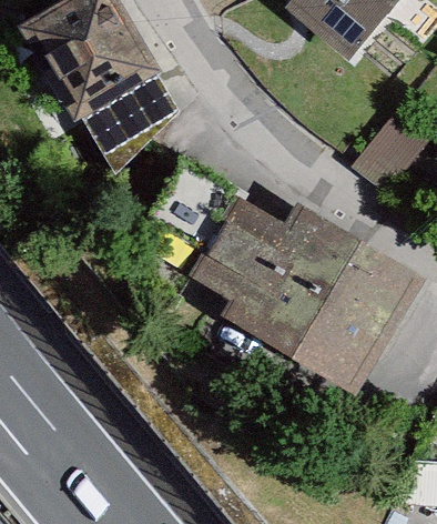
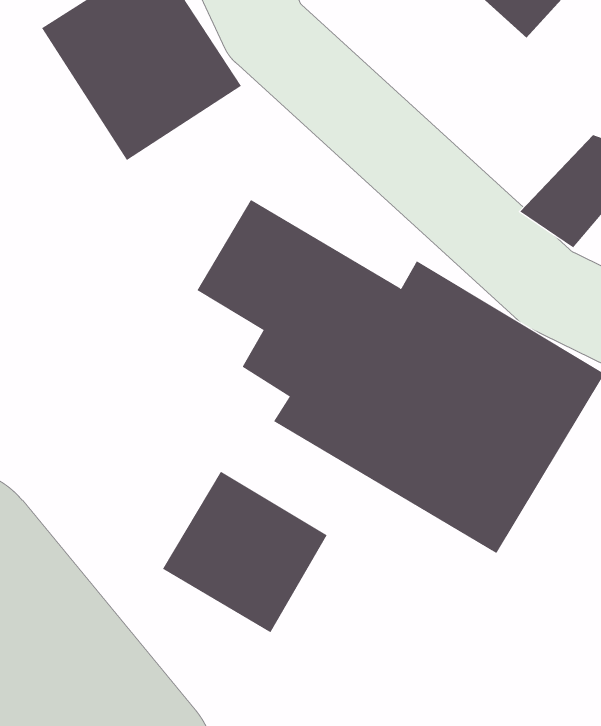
building: none -> [162,471,328,633]

